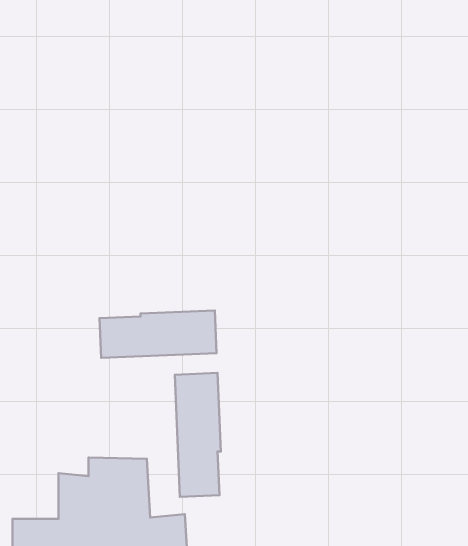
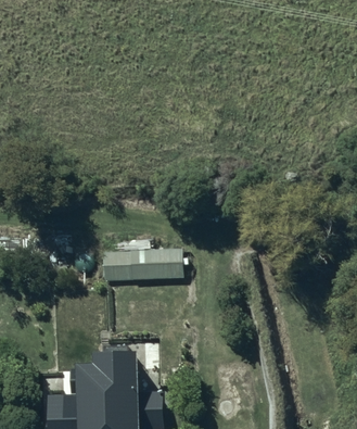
building: [175,373,221,497] -> none

